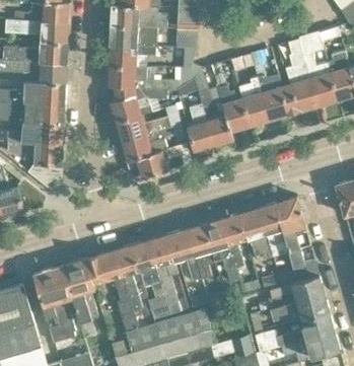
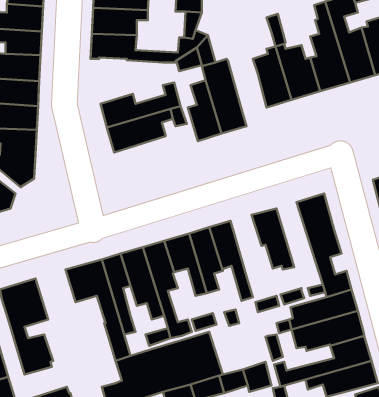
building: [110,85,166,123] -> none
building: [219,85,251,131] -> none
building: [127,143,193,178] -> none
building: [259,203,290,255] -> none
building: [221,213,246,267] -> none
building: [63,258,99,340] -> none

